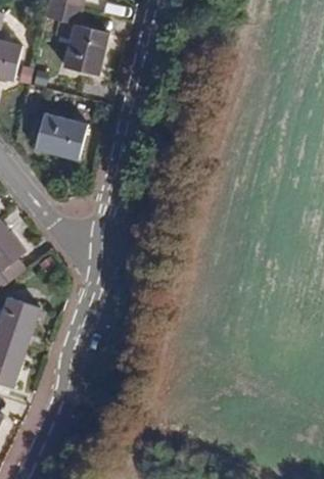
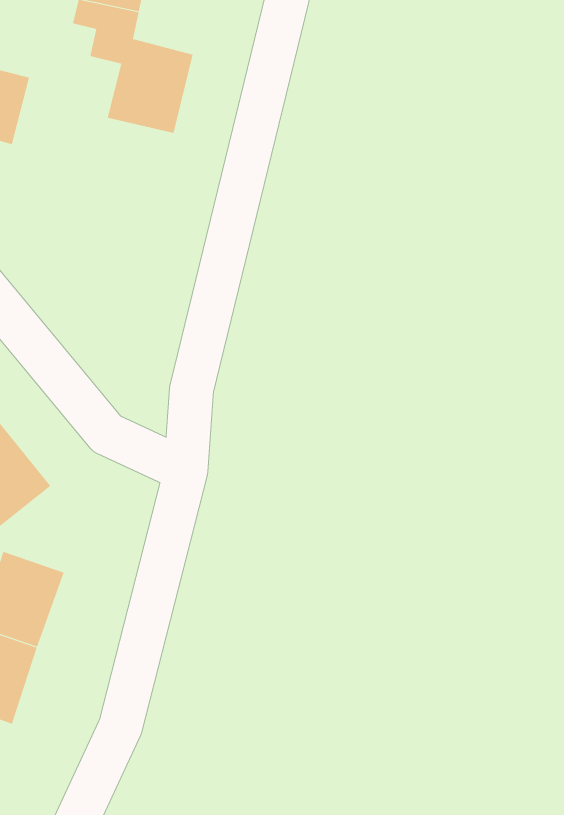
building: [35,113,86,159] -> none

